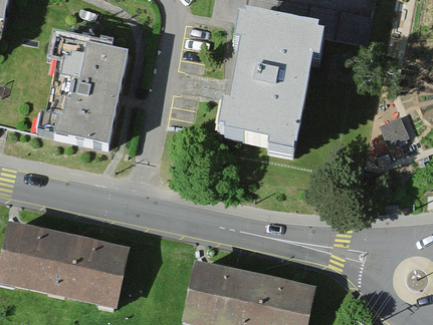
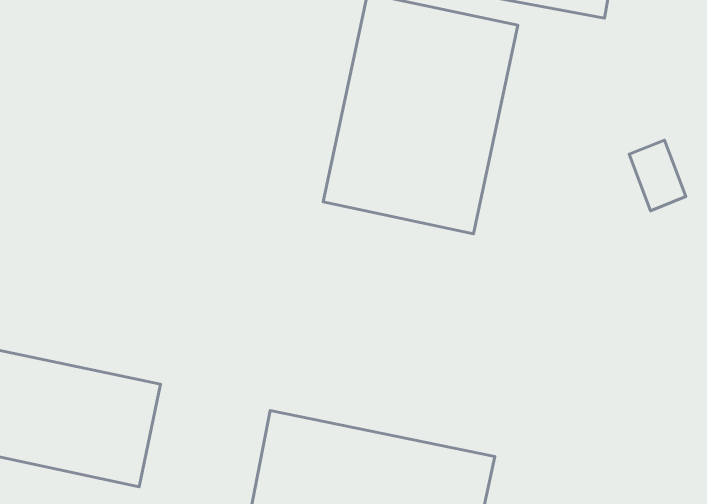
building: [45,46,130,151] -> none

